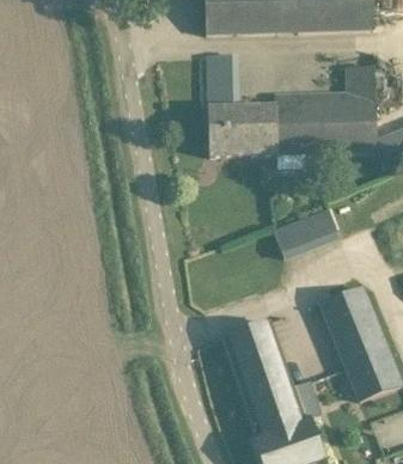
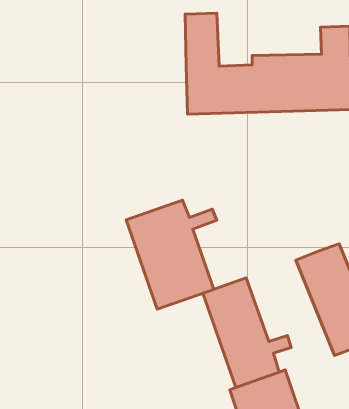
building: [271,207,336,252] -> none
building: none -> [126,200,217,309]

